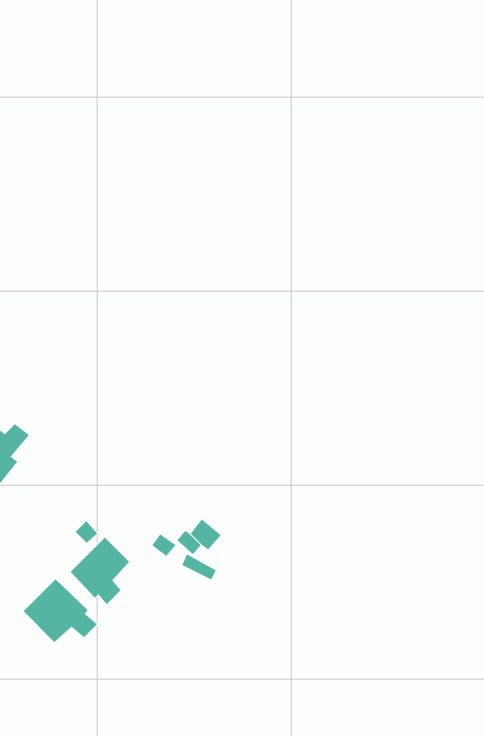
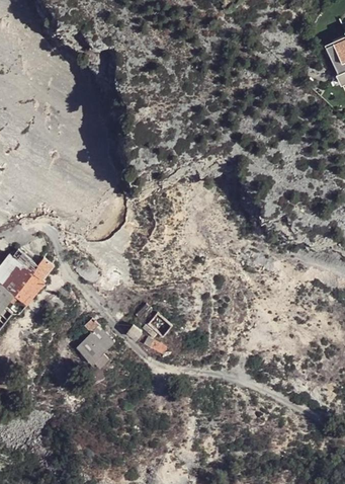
building: [23,579,98,643] -> none

